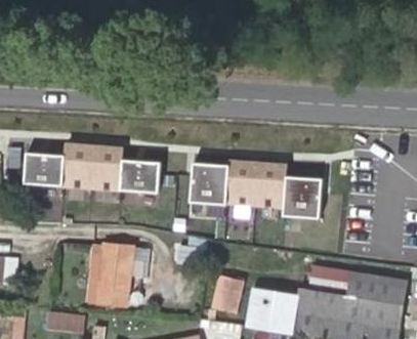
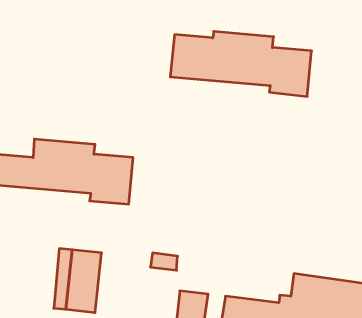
building: [191,159,324,220] -> [170,31,312,96]

